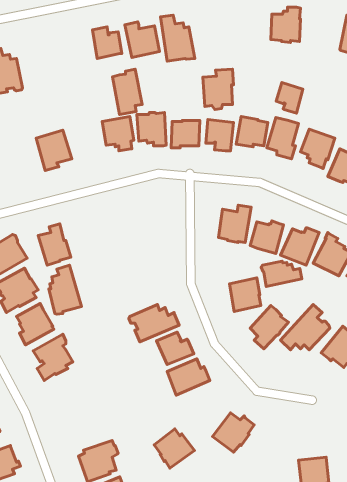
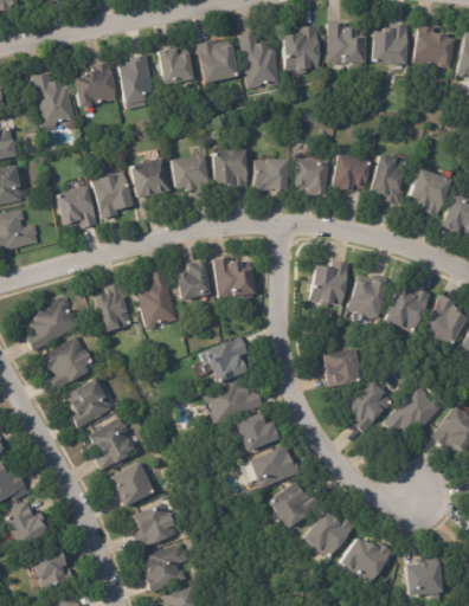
building: none -> [328,22,366,64]
building: none -> [411,25,454,67]
building: none -> [73,60,117,107]
building: [113,69,142,114] -> [118,54,154,109]
building: [203,69,233,110] -> [284,25,321,73]
building: [276,83,303,113] -> none
building: none -> [128,159,168,199]
building: none -> [54,185,97,228]
building: none -> [213,257,256,299]
building: none -> [176,260,212,299]
building: [261,261,302,286] -> none
building: [49,265,81,314] -> [139,270,178,329]
building: none -> [205,336,250,383]
building: none -> [109,462,153,507]
building: none -> [133,503,178,548]
building: [154,429,195,468] -> [269,481,317,528]
building: none -> [339,539,392,585]

